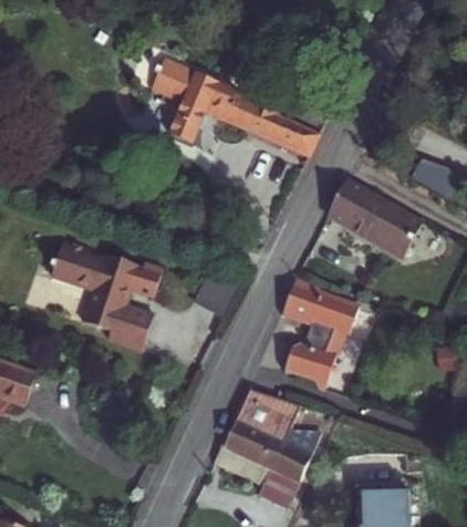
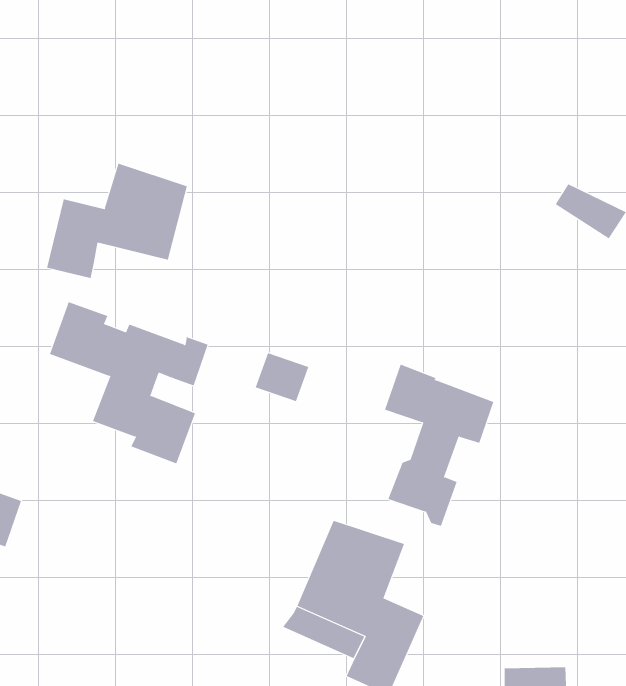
building: [146,64,314,157] -> none
building: none -> [47,163,187,279]
building: [328,182,421,258] -> none

